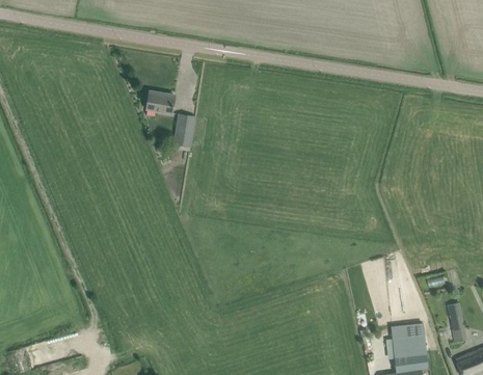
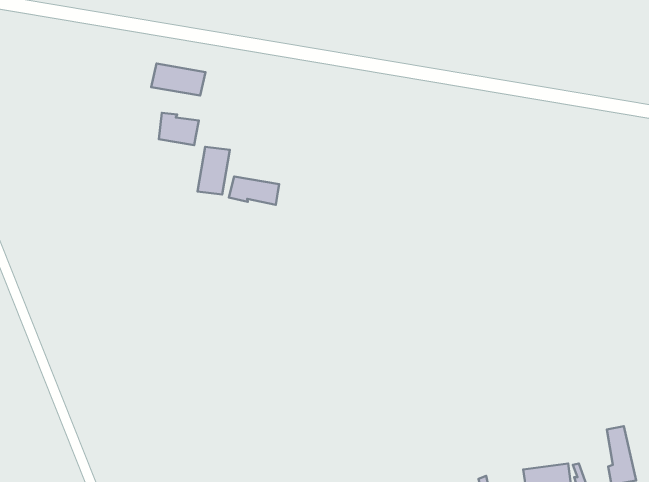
building: none -> [151,64,205,96]
building: none -> [229,176,279,205]

